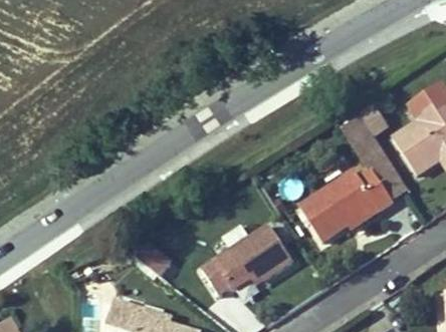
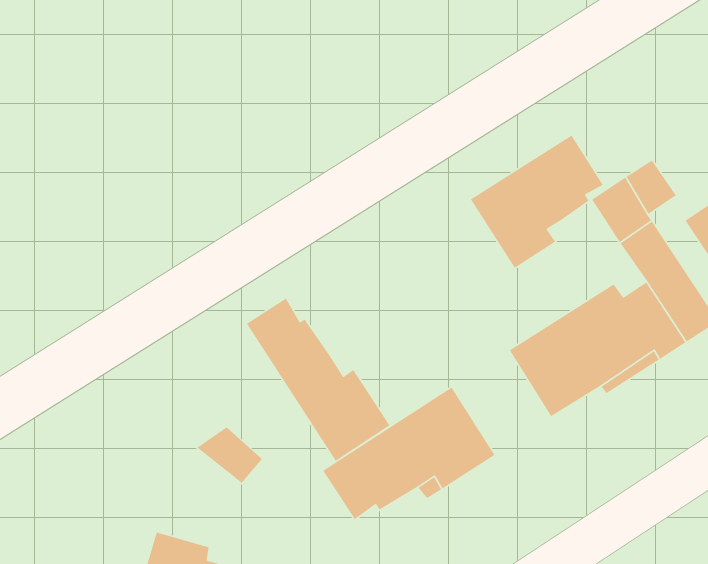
building: none -> [470,134,604,269]
building: none -> [246,298,390,462]

